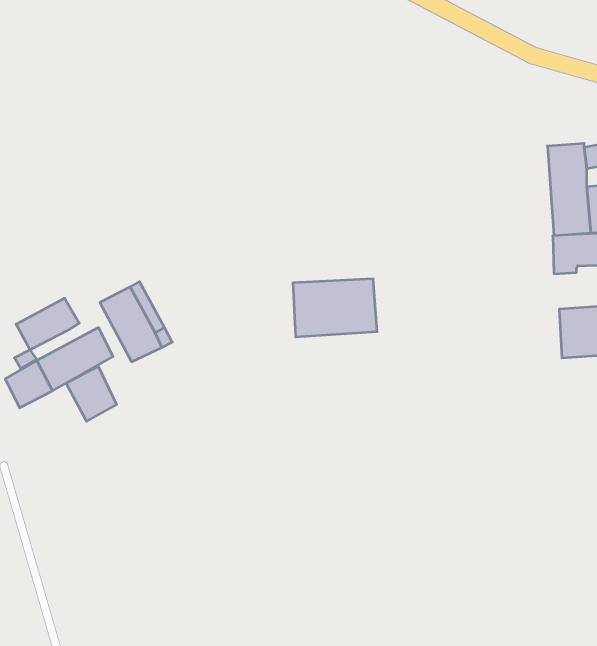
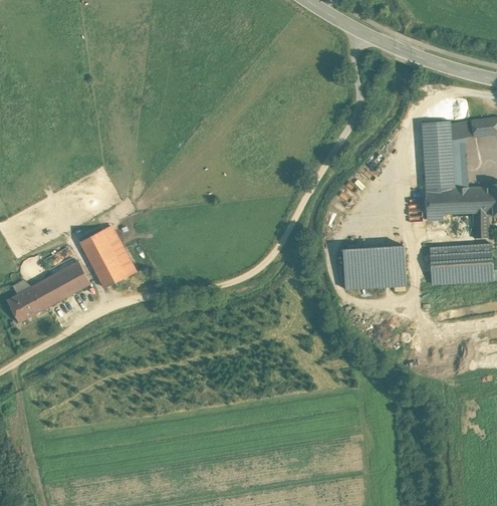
building: [293,279,377,337] -> [343,245,408,289]
building: [16,298,79,350] -> none
building: [66,366,116,421] -> none

